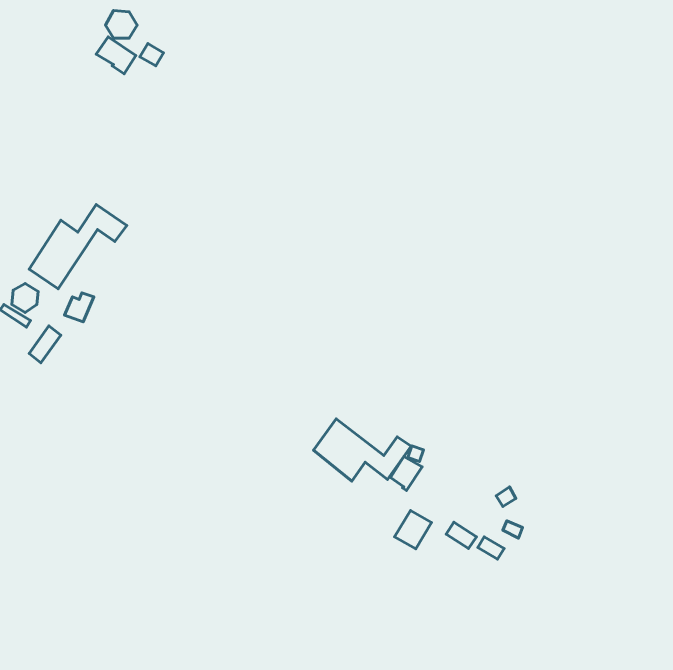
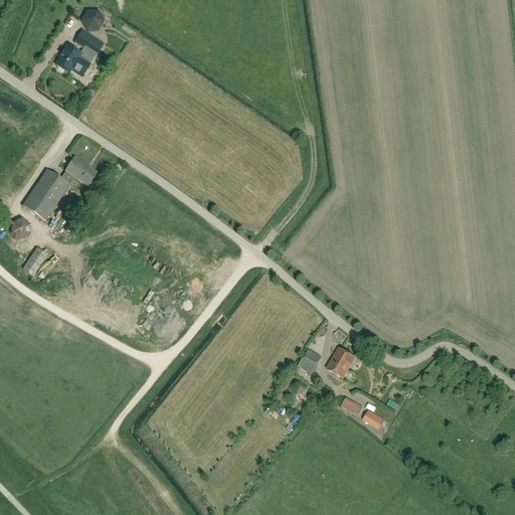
building: none -> [57,44,91,76]
building: [314,419,411,481] -> none
building: [395,511,432,549] -> [328,347,356,376]

